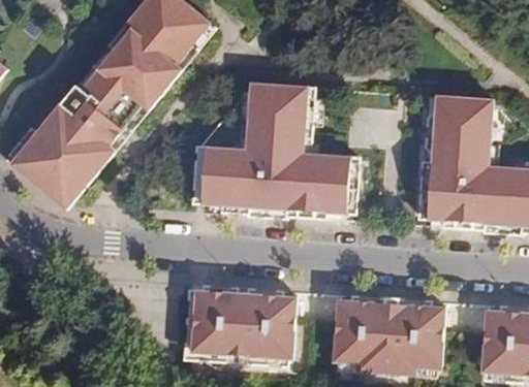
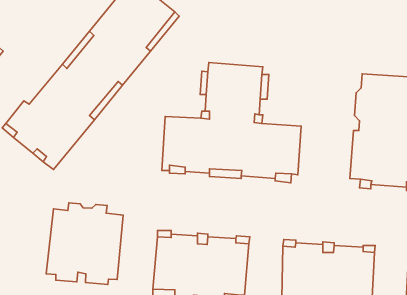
building: none -> [46,203,123,285]

